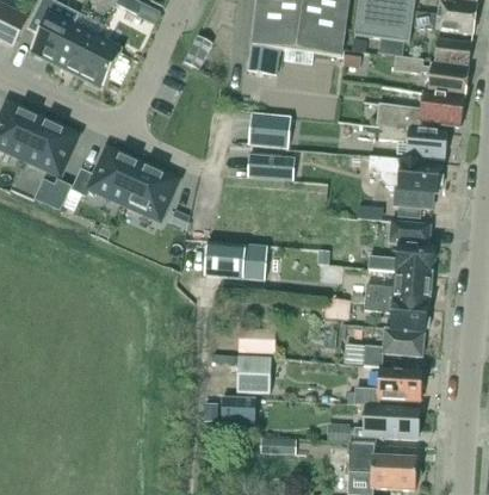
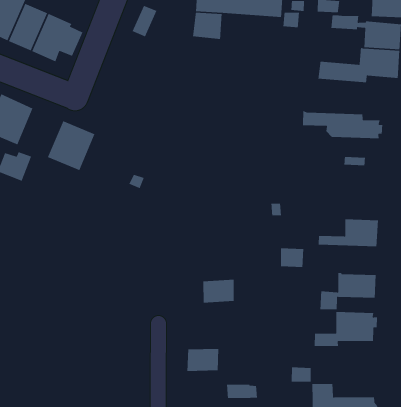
building: [248,112,291,149] -> none
building: [379,126,446,159] -> none
building: [250,153,298,179] -> none
building: [125,163,178,218] -> none
building: [369,222,433,274] -> none
building: [205,242,268,280] -> none
building: [364,297,427,332] -> none
building: [237,355,271,395] -> none
building: [353,406,417,443] -> none

